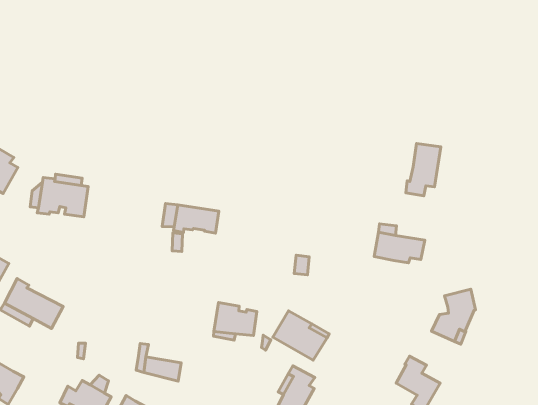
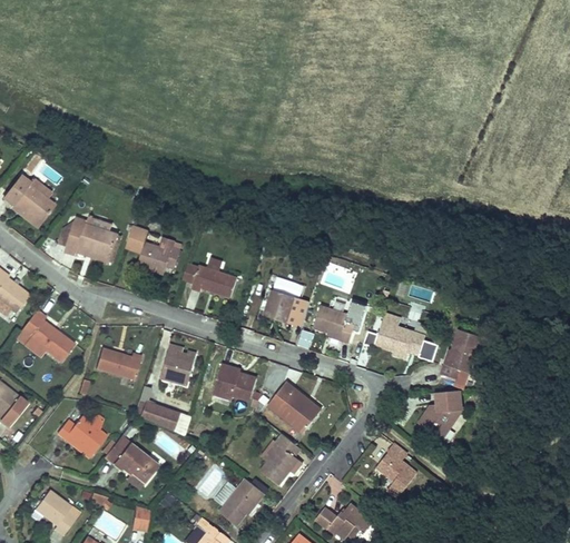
building: [406,144,441,196] -> [442,329,482,379]
building: none -> [124,219,179,275]
building: none -> [265,289,295,323]
building: none -> [314,305,355,343]
building: none -> [159,348,196,385]
building: none -> [95,346,140,379]

